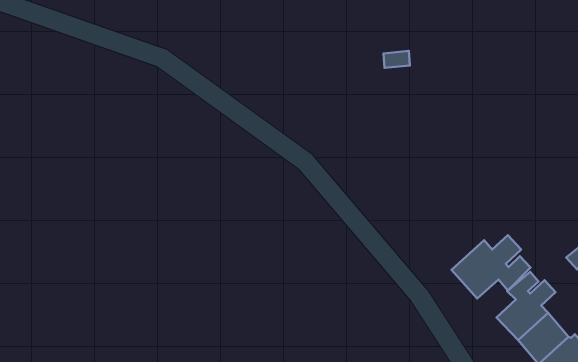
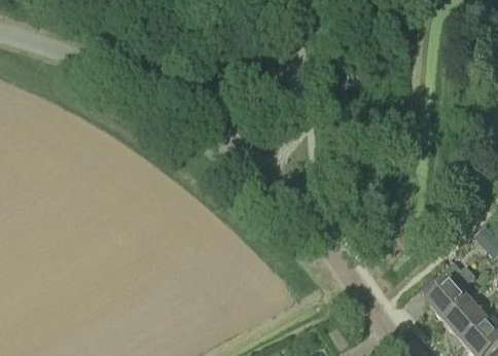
building: [451,235,531,299] -> none

